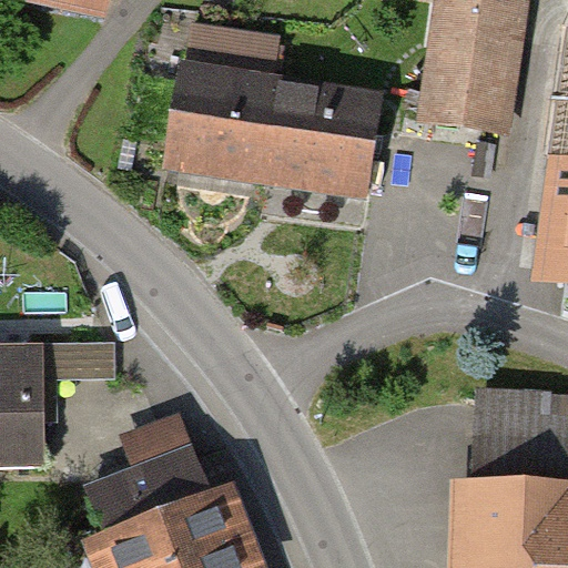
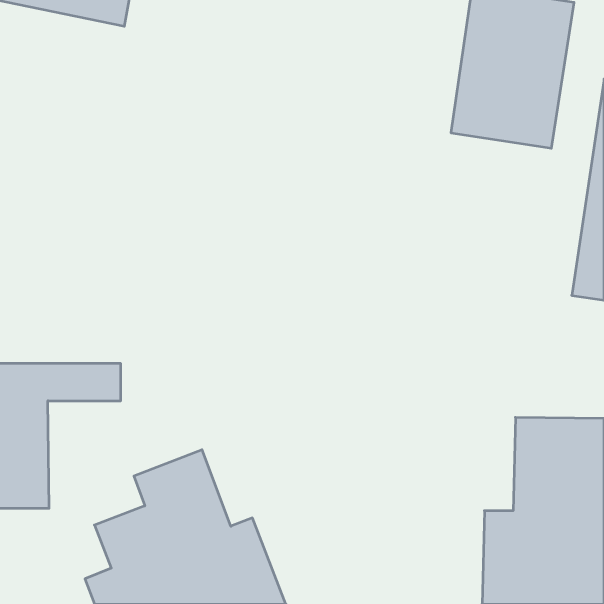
building: [164,65,383,201] -> none

